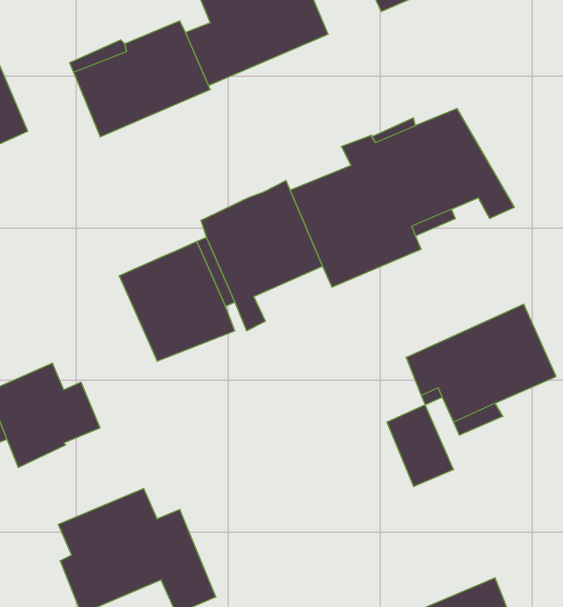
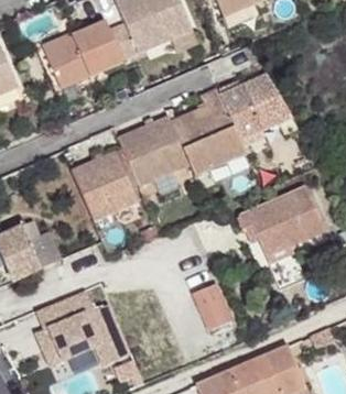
building: [387,405,454,487] -> [192,283,230,330]

